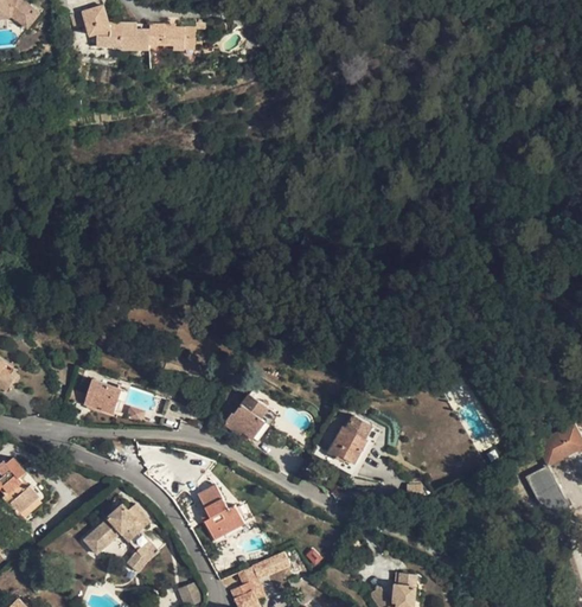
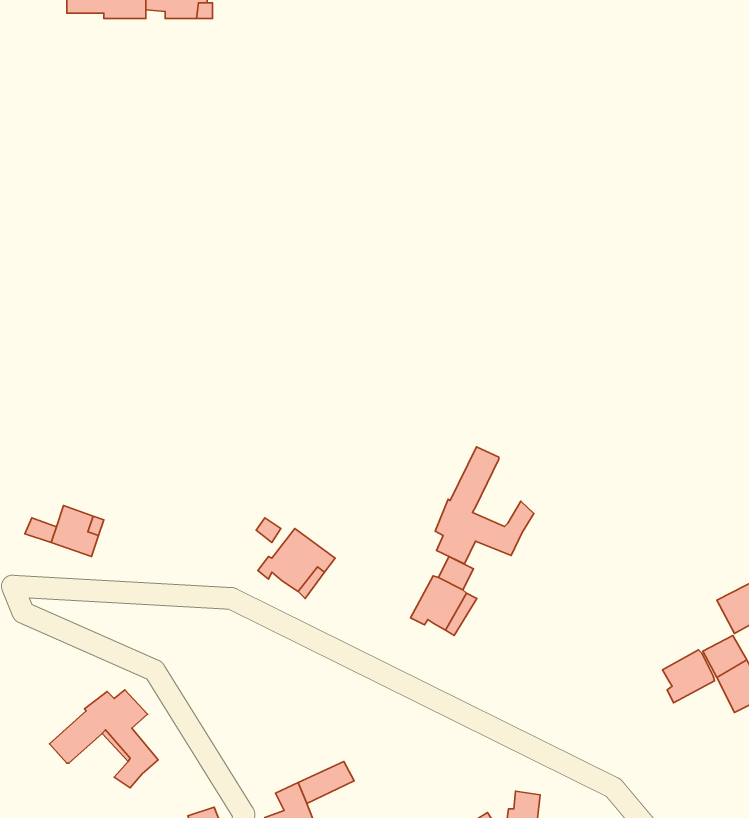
building: none -> [435,447,534,564]
building: none -> [663,650,715,703]
building: [197,484,244,539] -> none

